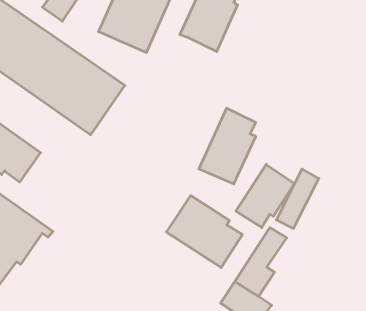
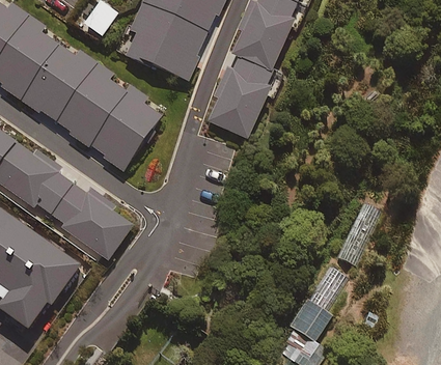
building: [199,108,256,184] -> [205,58,268,141]
building: none -> [52,185,133,261]
building: [236,164,295,228] -> none
building: [166,196,242,268] -> none

